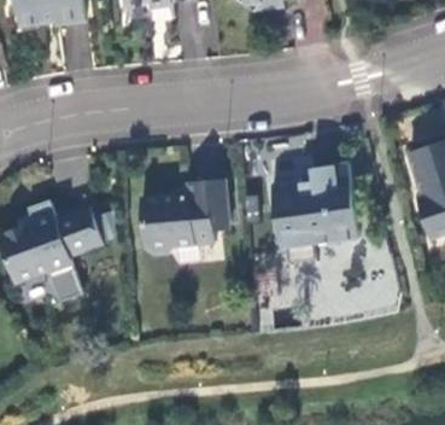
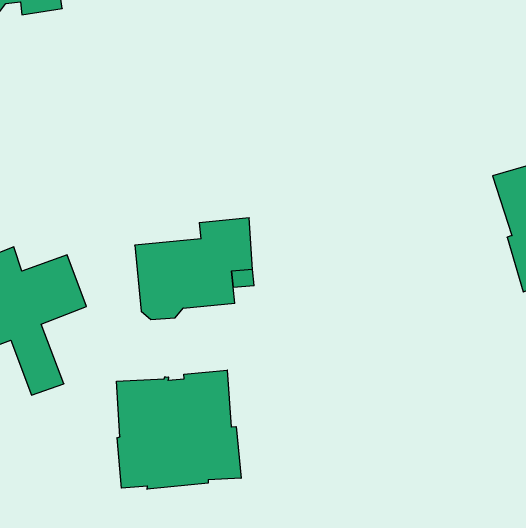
building: [271,163,358,262] -> none
building: none -> [117,370,241,489]

